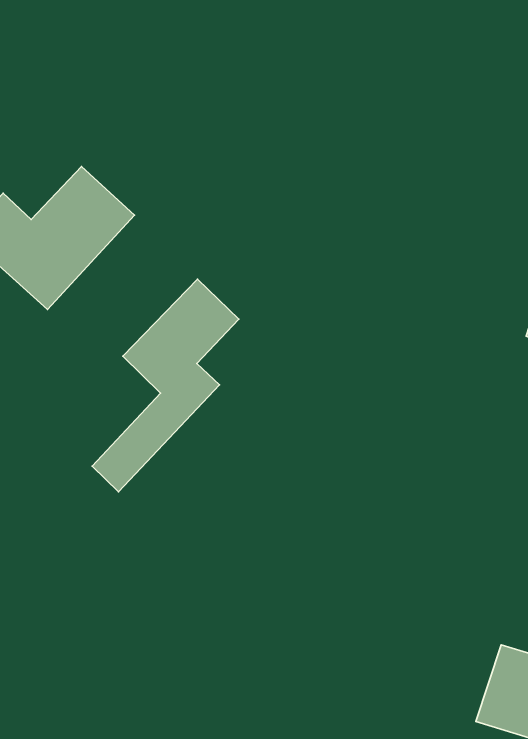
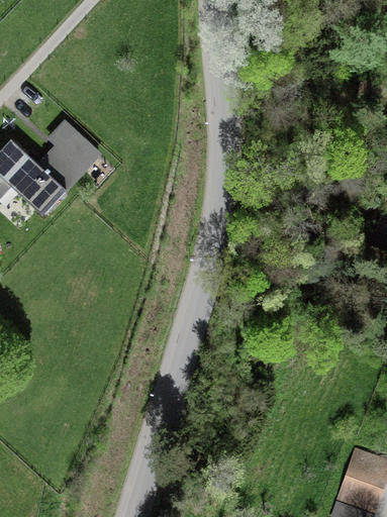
building: [92,279,239,492] -> none

